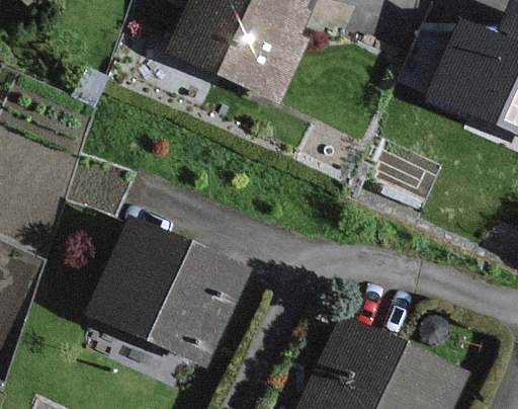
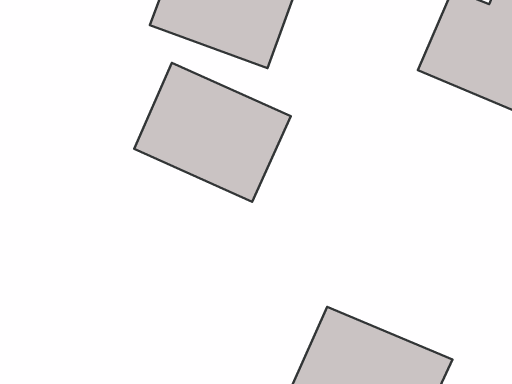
building: none -> [134,63,291,202]
building: [85,223,247,365] -> none

